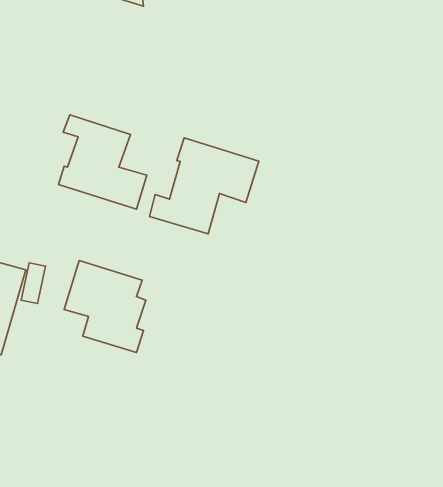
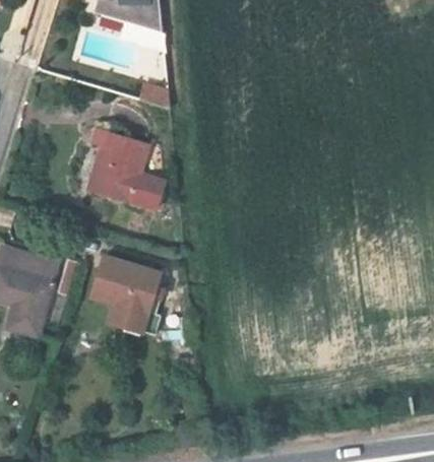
building: [150,138,259,234] -> none

